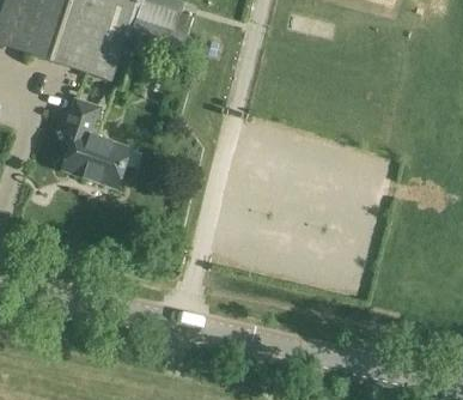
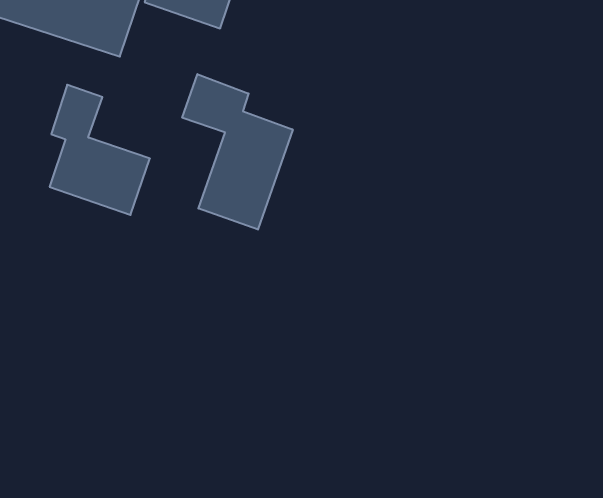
building: none -> [182,74,293,230]

